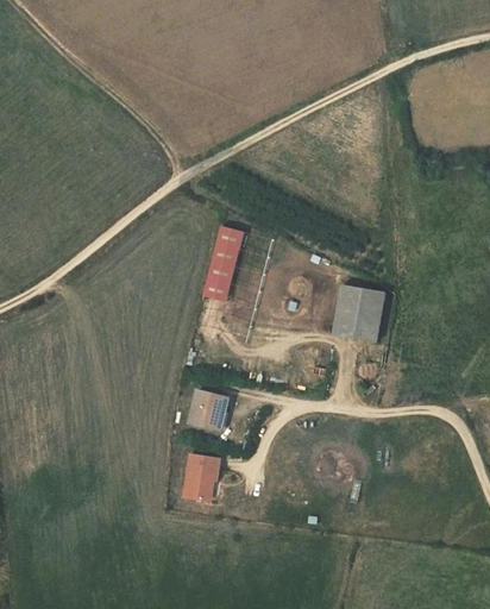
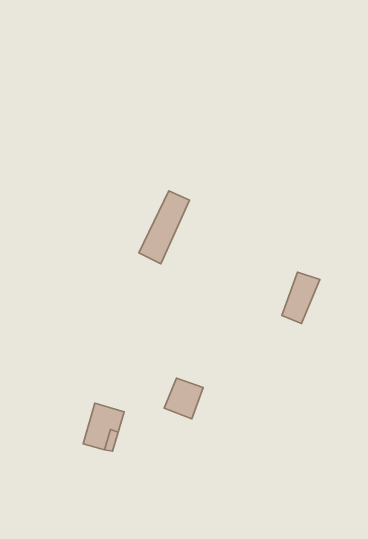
building: [338,284,365,333] -> none
building: [188,391,224,429] -> [164,378,203,419]

